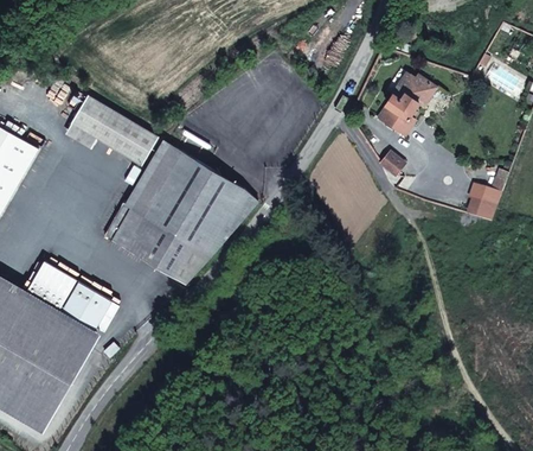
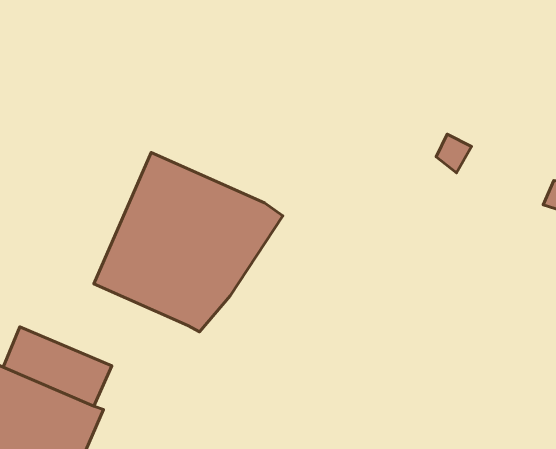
building: [379,74,442,133] -> none
building: [64,95,156,165] -> none

